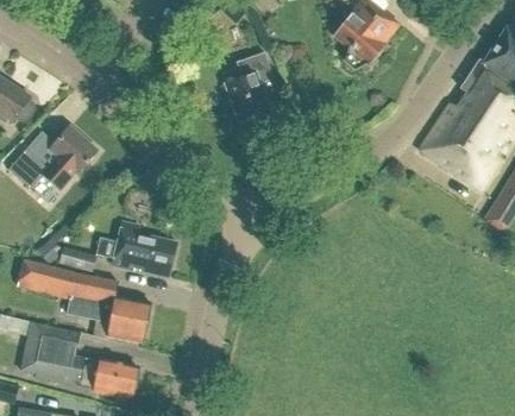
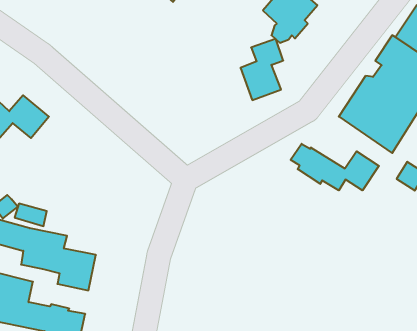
building: [225,51,272,119] -> [240,39,283,100]
building: none -> [291,144,379,190]
building: [96,221,176,275] -> none

